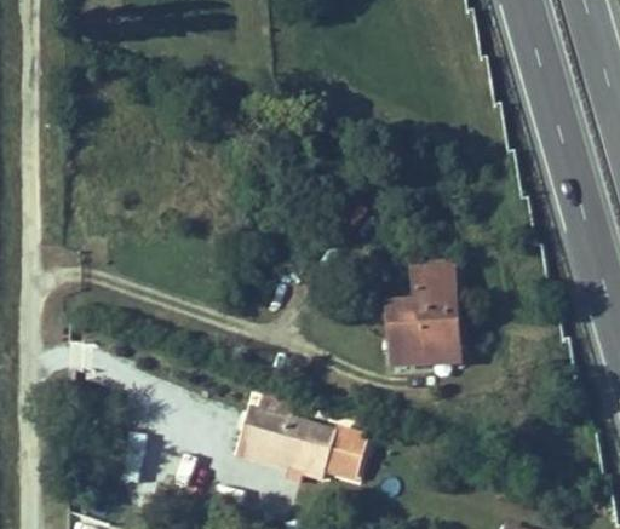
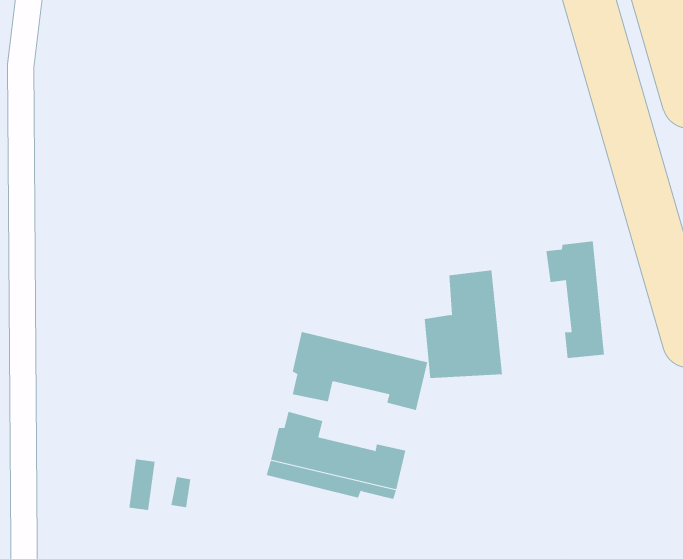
building: none -> [546,241,604,359]
building: none -> [292,331,428,411]

